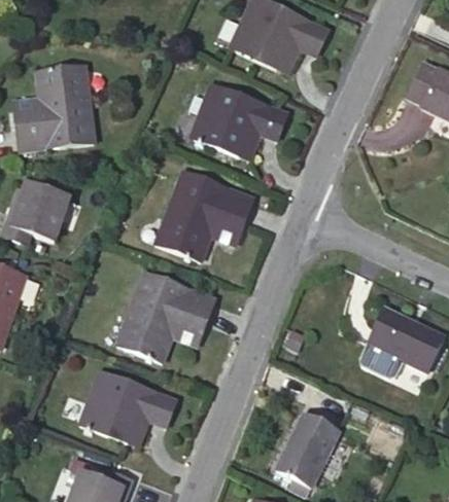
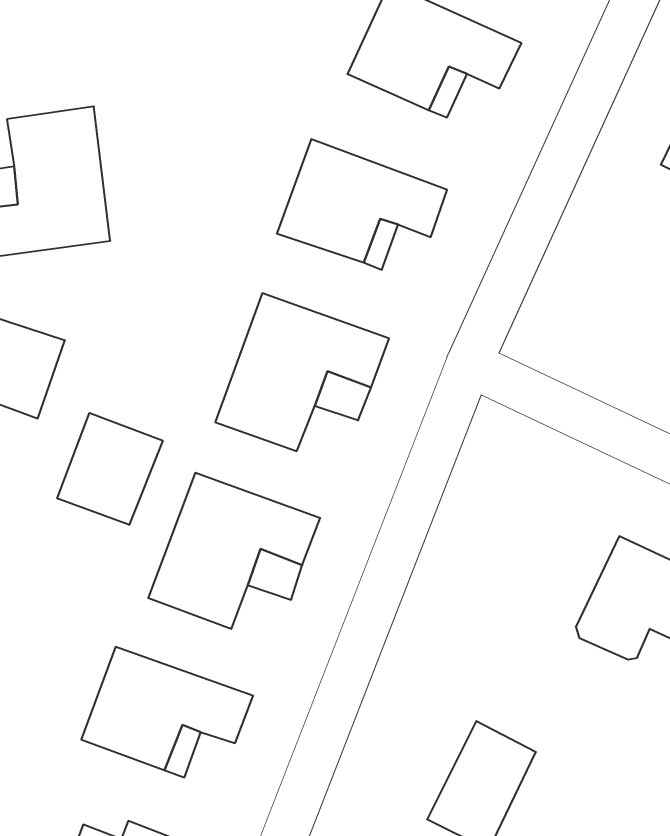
building: none -> [57,413,163,525]

